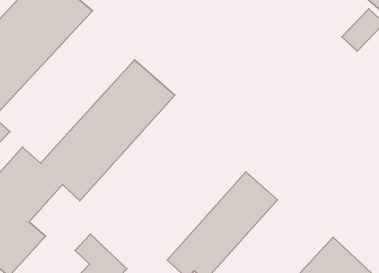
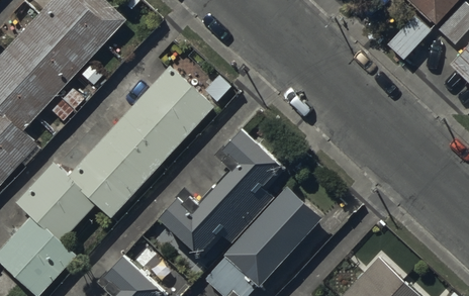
building: none -> [158,124,278,250]

